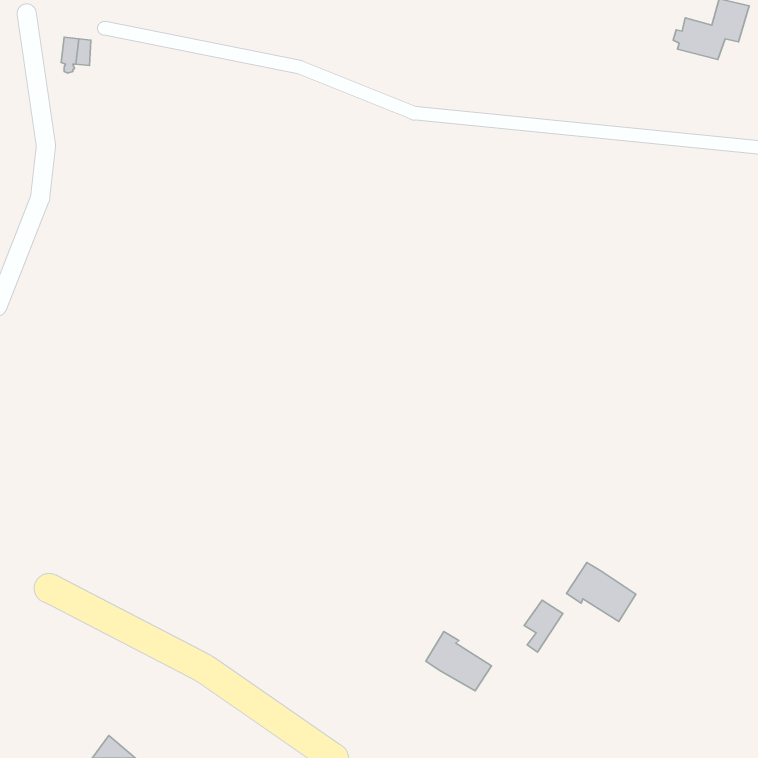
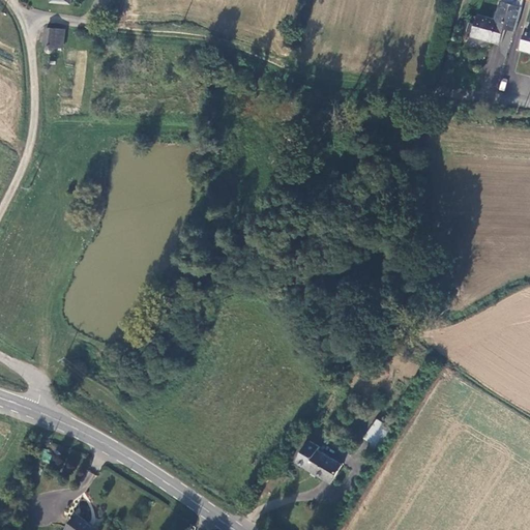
building: [567,563,636,622] -> none

